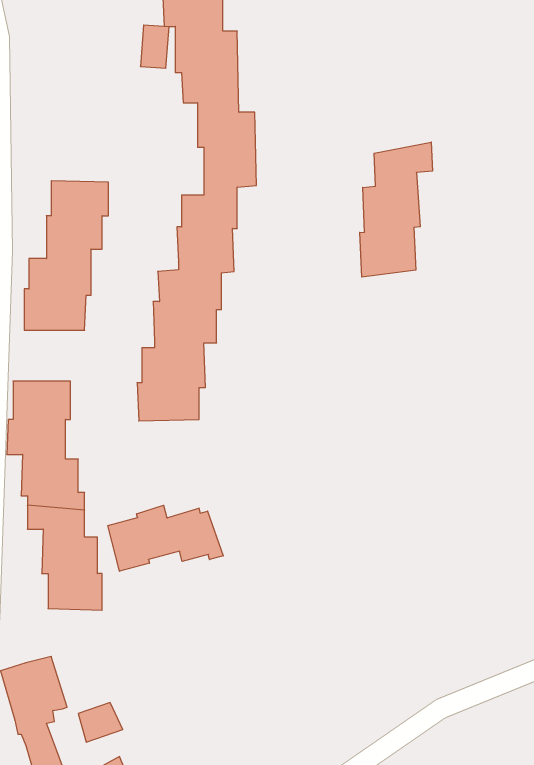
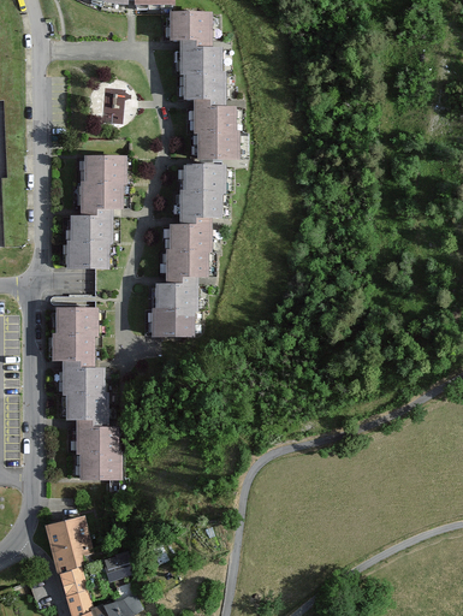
building: [140,25,169,68] -> [106,89,127,122]
building: [360,142,432,277] -> none
building: [108,505,223,571] -> none

